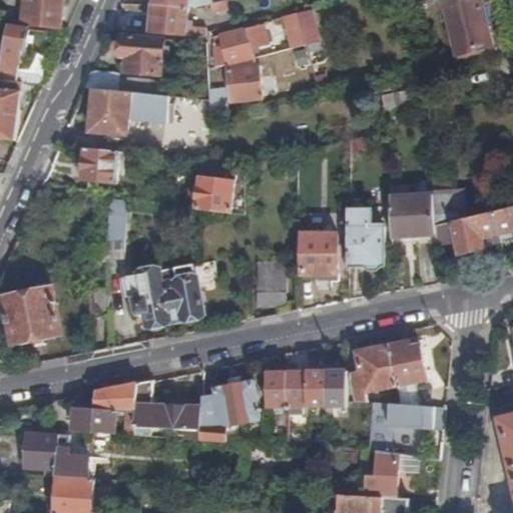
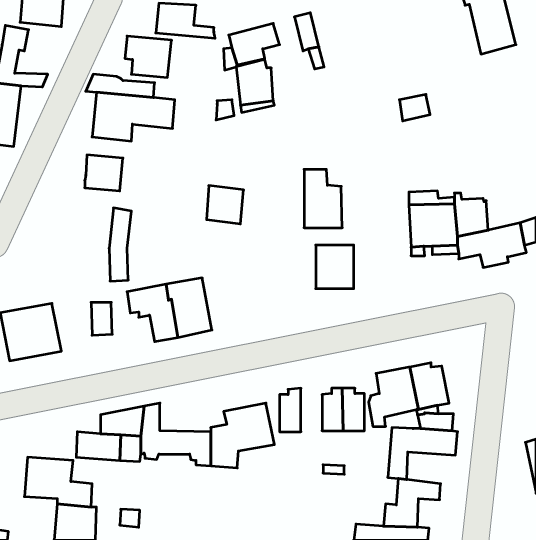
building: [345,208,381,264] -> [304,169,342,228]
building: [254,260,285,305] -> none
building: [285,367,305,408] -> none

